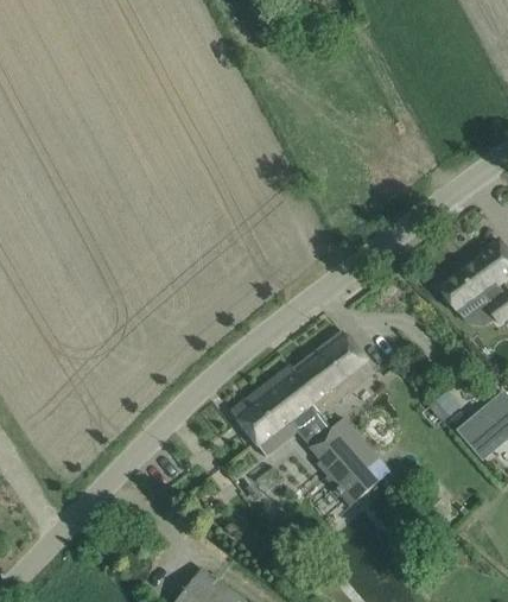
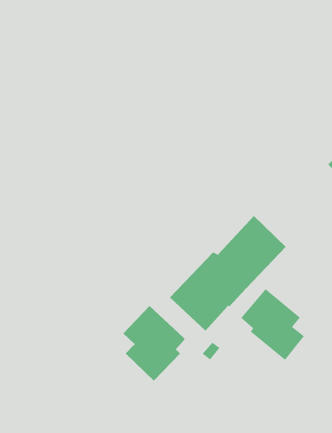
building: none -> [122,305,186,382]

